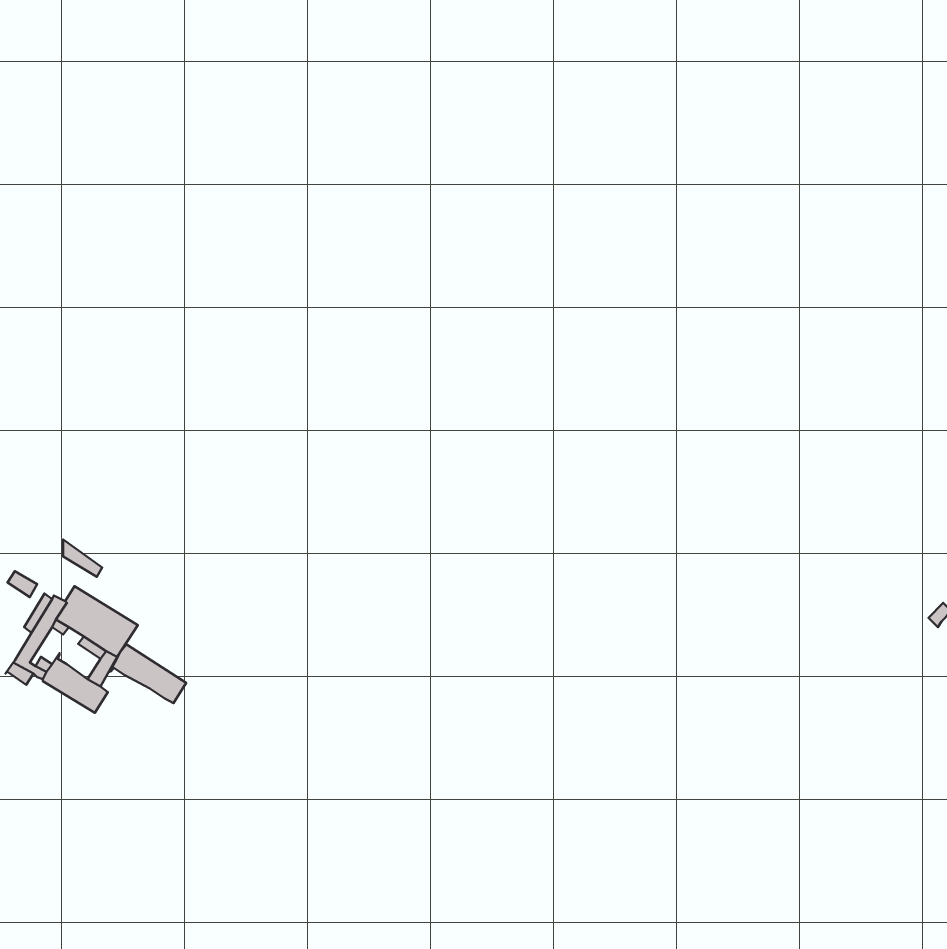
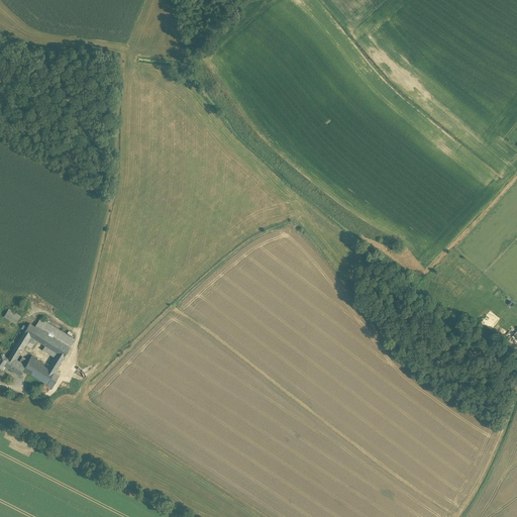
building: [109,645,186,703] -> none

